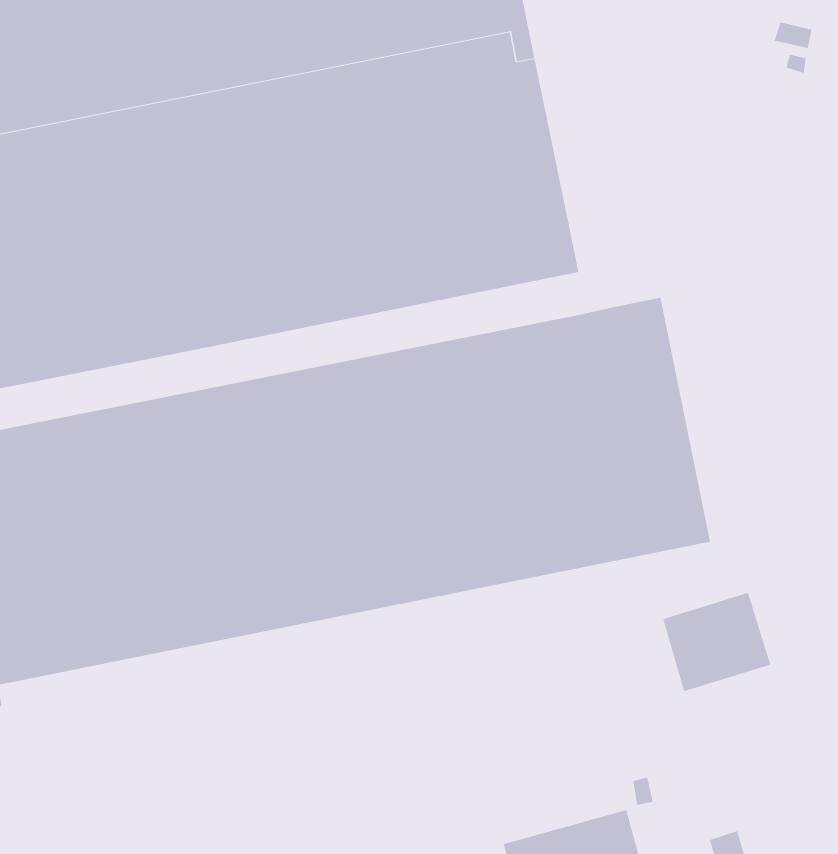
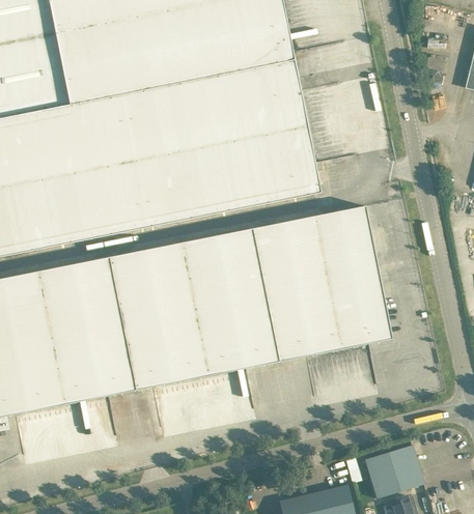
building: [662,592,771,692] -> [364,444,423,497]

